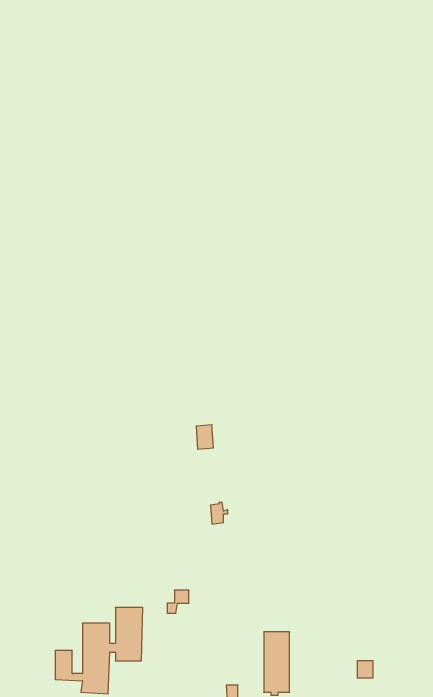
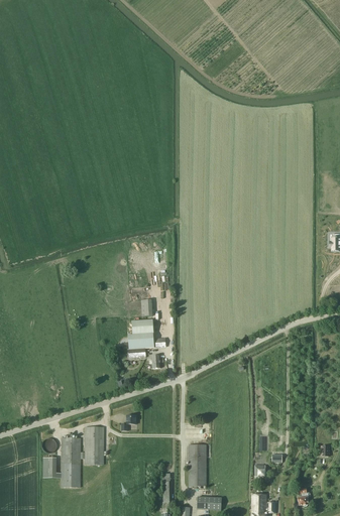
building: none -> [128,319,165,357]

